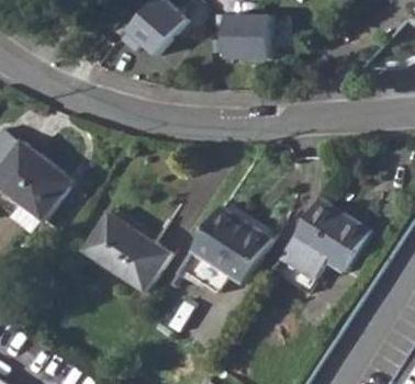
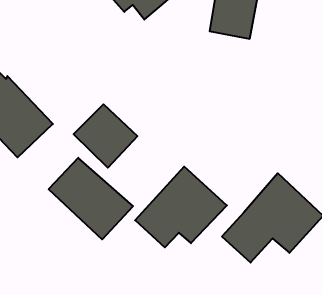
building: none -> [74,104,137,168]

